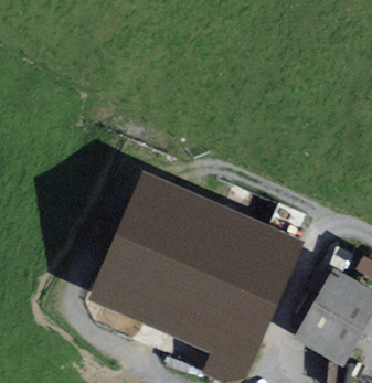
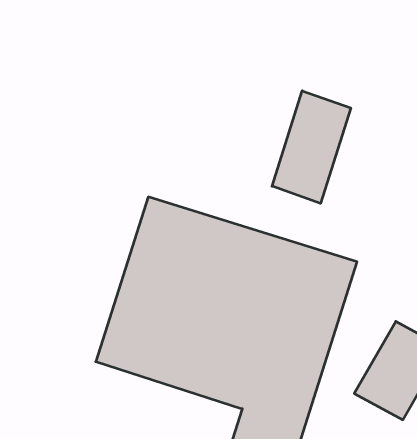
building: none -> [272,91,351,203]

